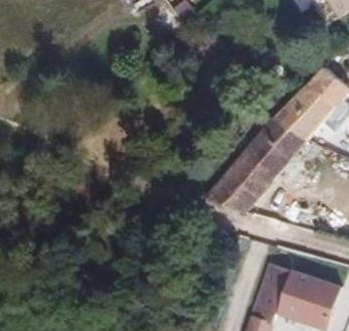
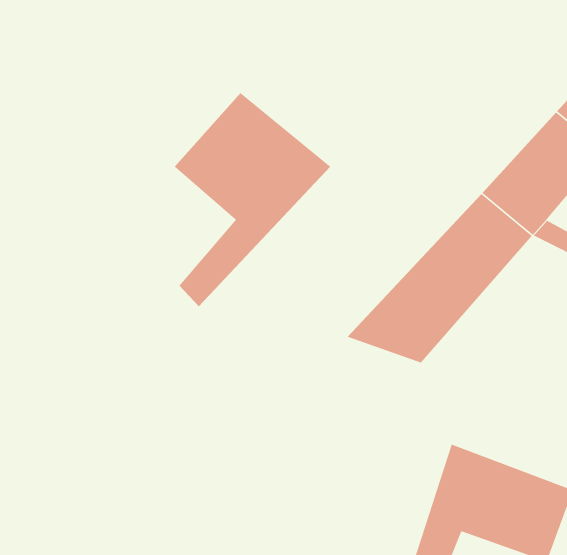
building: none -> [174,92,331,307]

